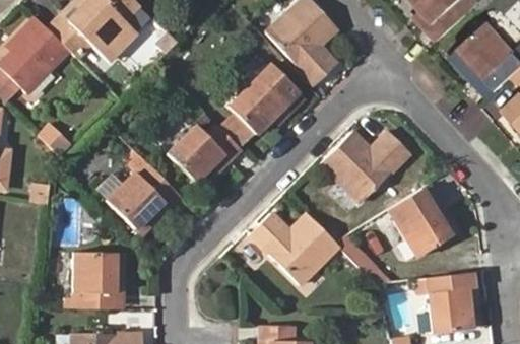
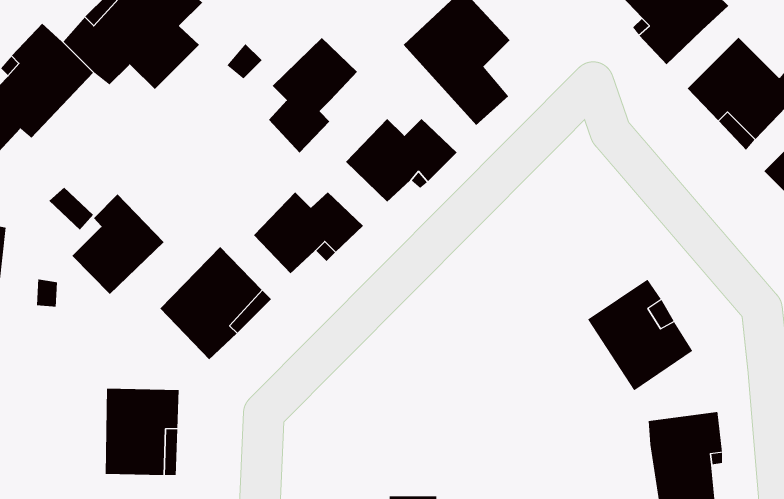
building: none -> [268,37,358,154]
building: none -> [72,194,165,295]
building: [322,133,408,204] -> none
building: [252,216,339,286] -> none

